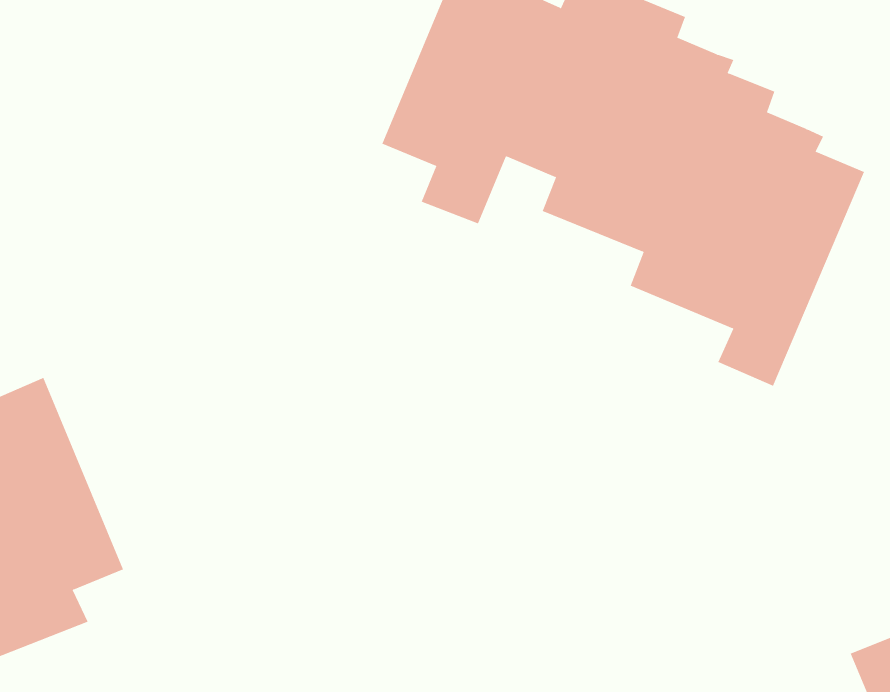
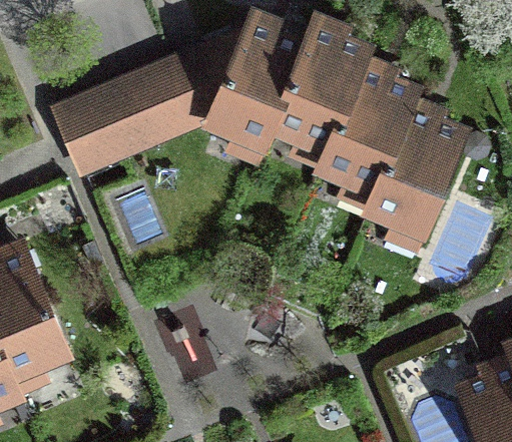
building: none -> [56,64,193,169]

